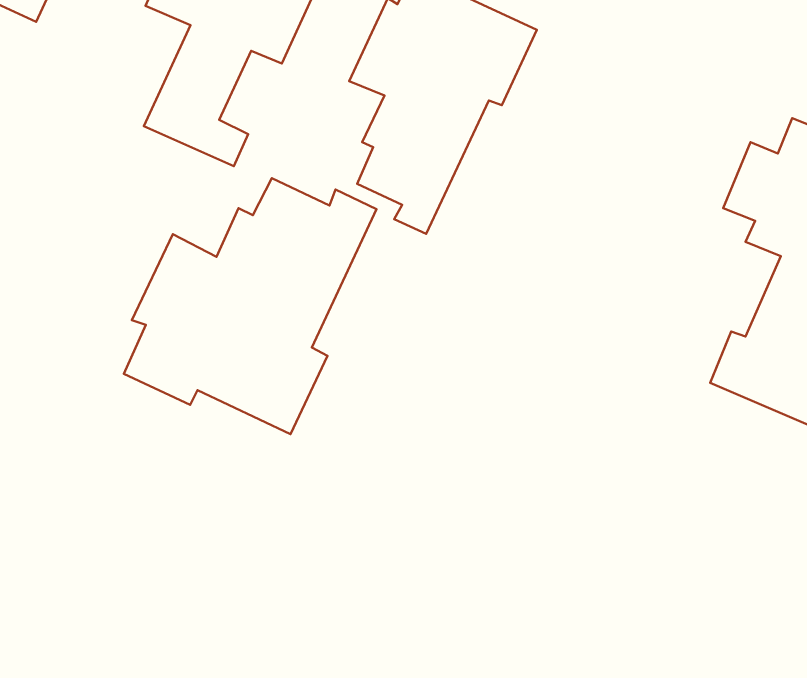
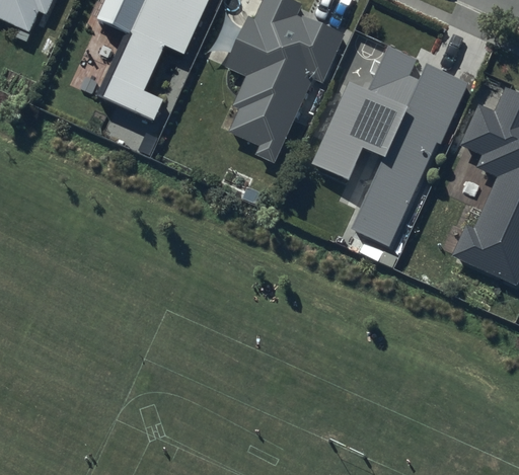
building: none -> [311,48,468,248]
building: [124,178,376,434] -> none

